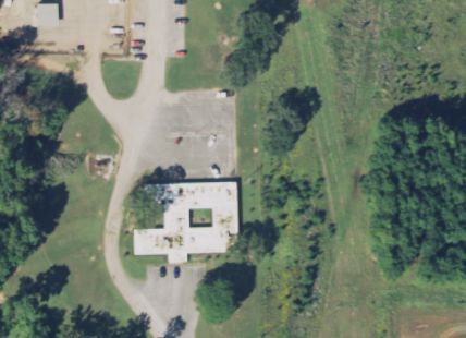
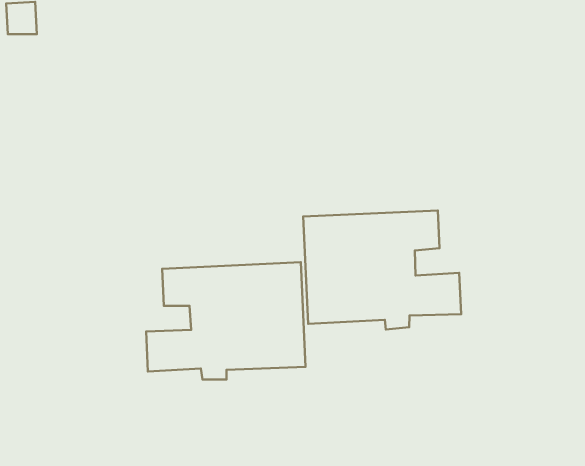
building: none -> [303,210,461,330]

